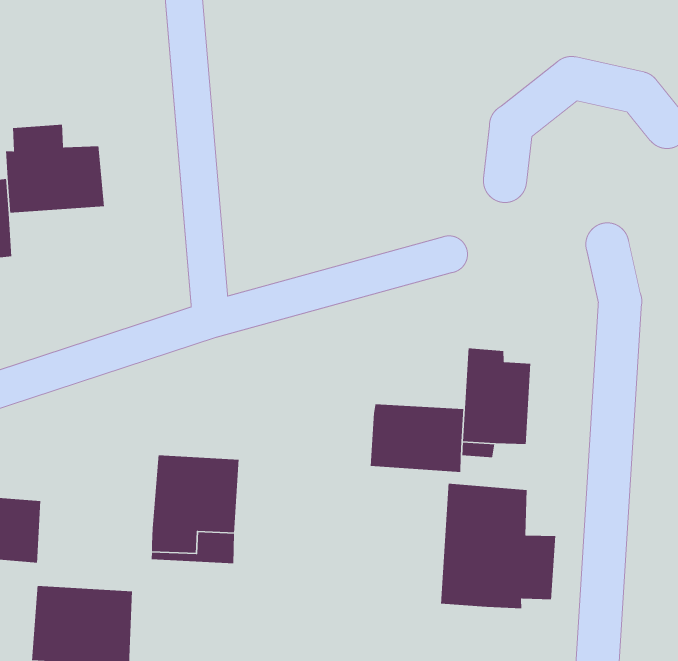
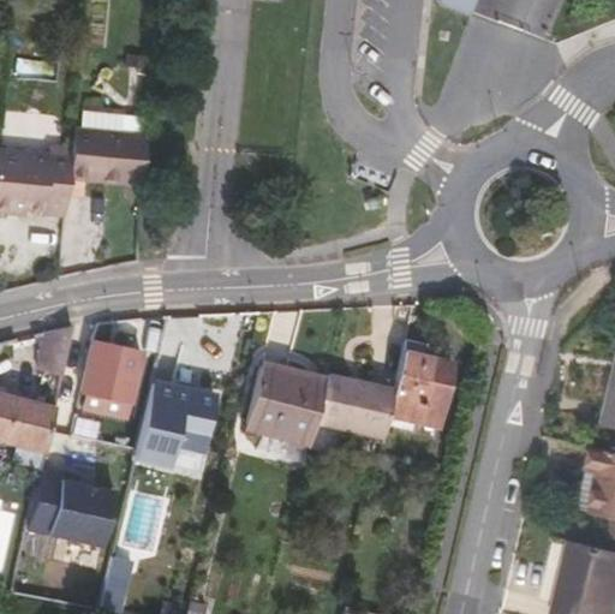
building: none -> [38,324,74,376]
building: none -> [245,365,324,441]
building: none -> [82,341,144,417]
building: [440,483,556,609] -> none

